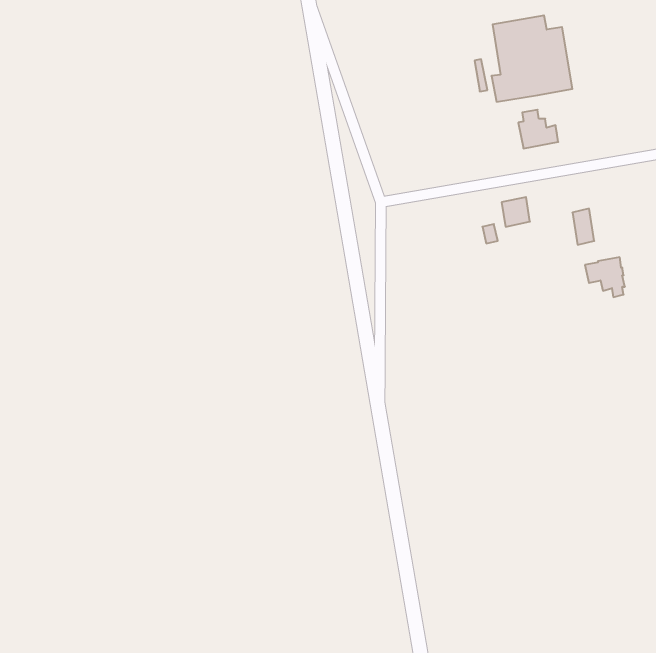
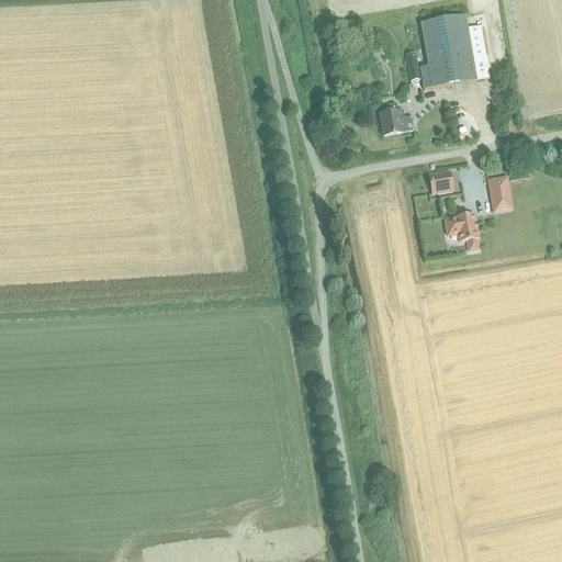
building: [518,110,558,148] -> [379,101,413,134]
building: [585,257,625,297] -> [443,212,477,246]

